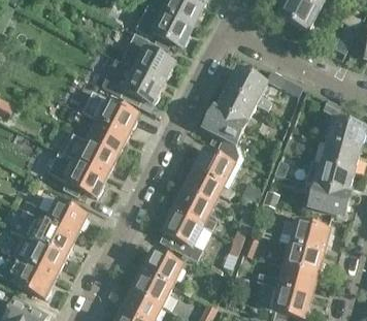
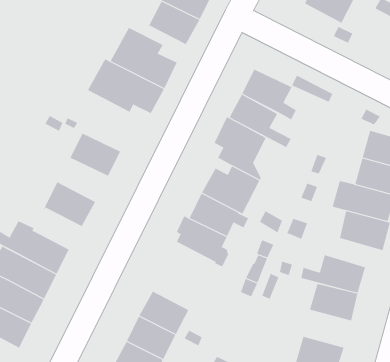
building: [96,96,138,134] -> none
building: [75,139,118,175] -> none
building: [163,208,205,256] -> none
building: [256,264,318,295] -> none

